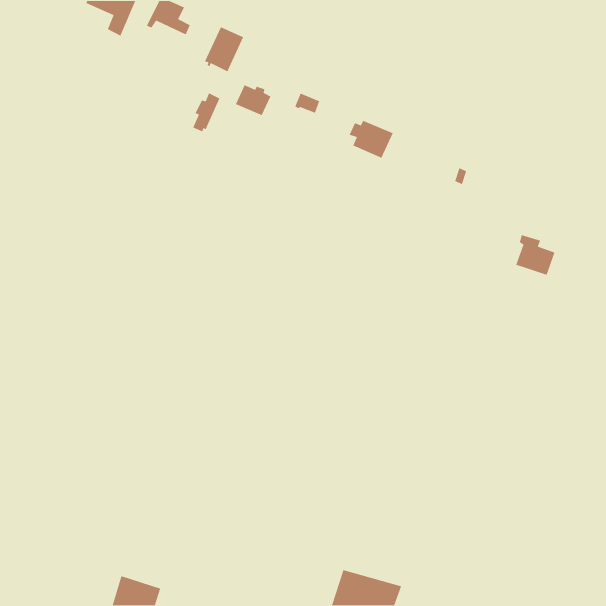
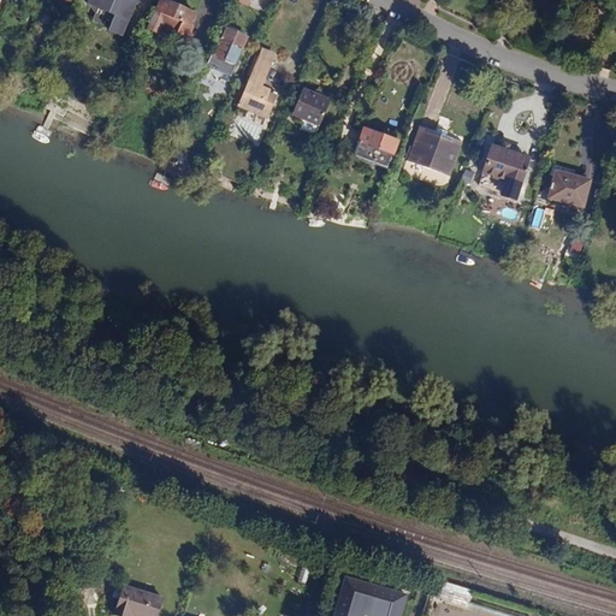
building: [192,92,220,133] -> [248,49,277,90]
building: none -> [407,126,463,176]
building: none -> [482,149,527,188]
building: [515,234,556,276] -> [549,165,590,207]

